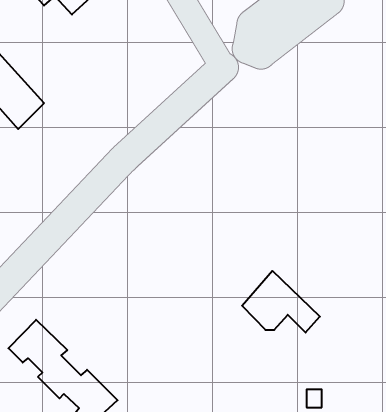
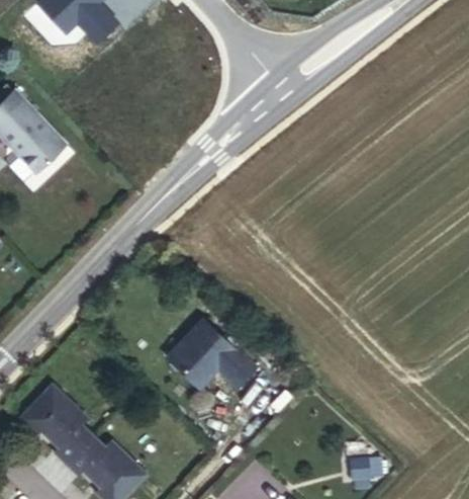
building: [242,271,320,333] -> [168,319,256,389]

